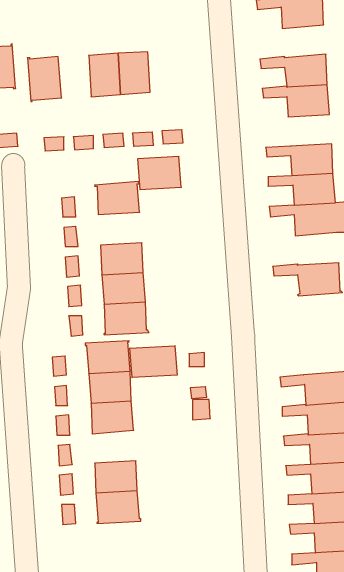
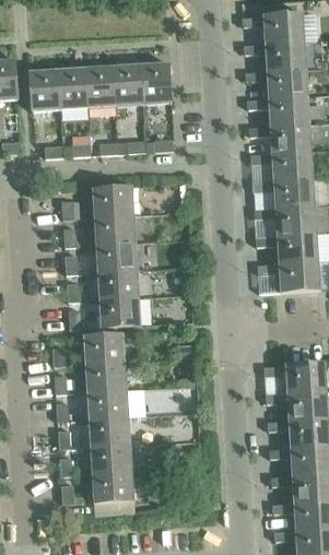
building: none -> [243,40,305,71]
building: none -> [140,62,171,103]
building: none -> [57,69,87,108]
building: none -> [248,123,310,153]
building: [138,157,181,190] -> [94,214,134,245]
building: none -> [255,233,317,263]
building: [130,346,177,378] -> none
building: none -> [89,416,129,447]

